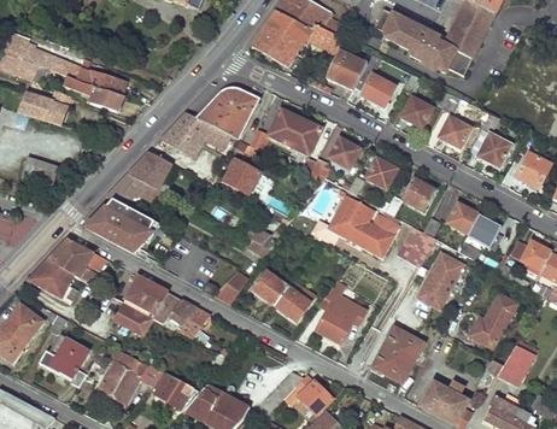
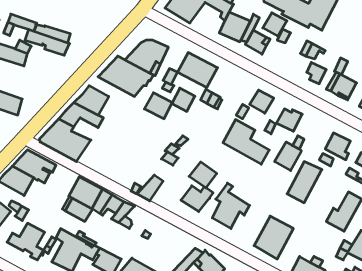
building: [398,96,430,128] -> [263,13,287,36]
building: [328,137,359,169] -> [172,88,195,111]
building: [447,202,479,235] -> none
building: [250,270,287,305] -> [189,162,217,188]

